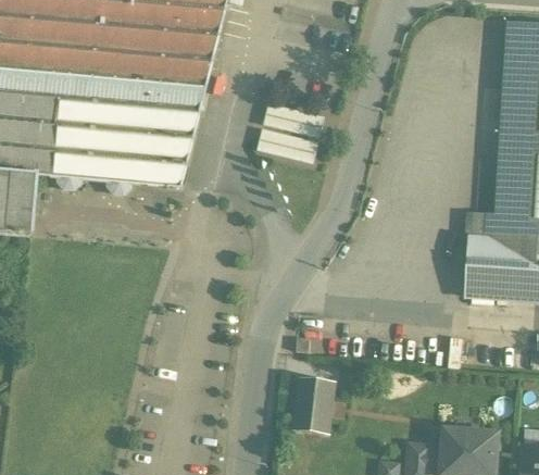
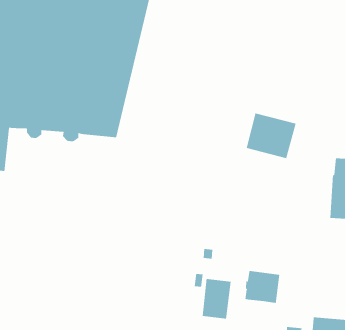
building: [263,100,331,162] -> [246,113,297,159]
building: none -> [245,270,280,304]

